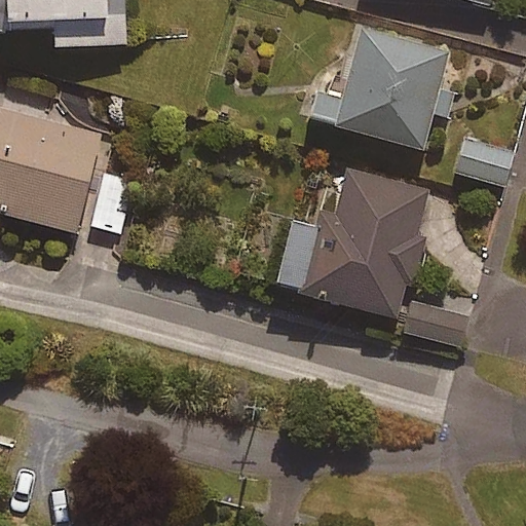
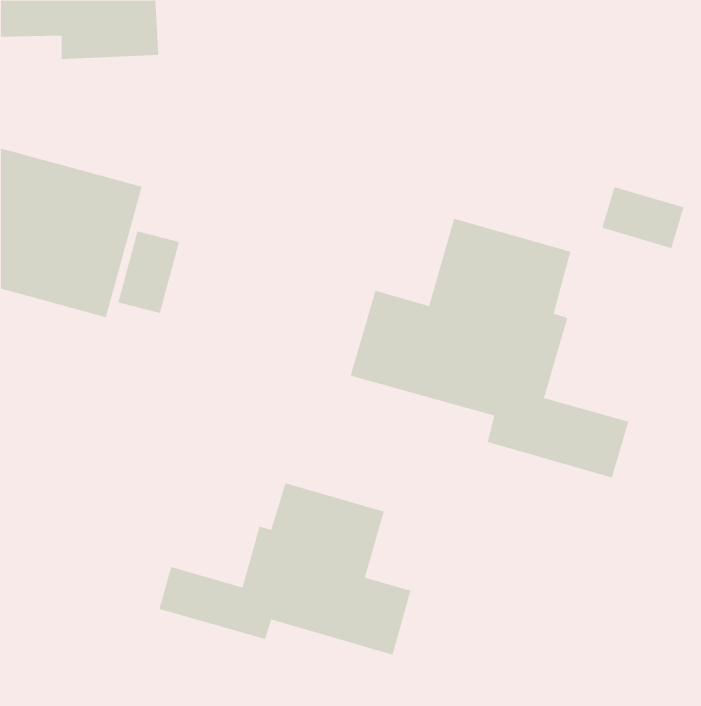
building: [304,22,454,148] -> none
building: none -> [159,482,411,655]

